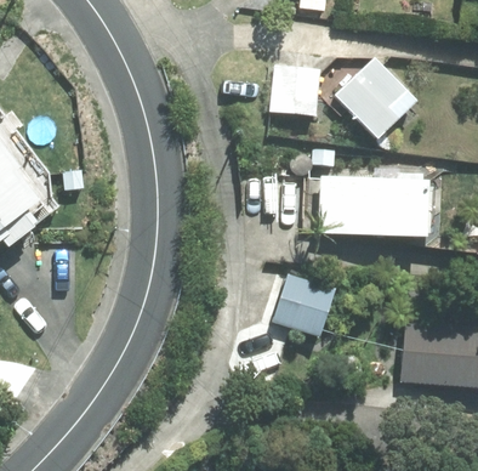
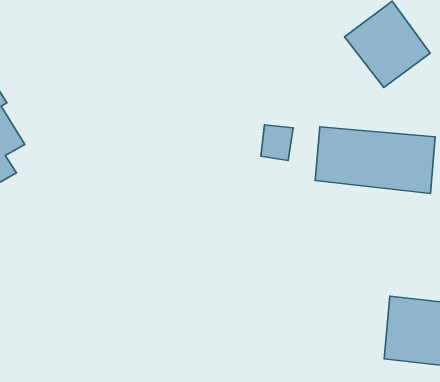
building: [266,64,315,113] -> none
building: [271,267,329,327] -> none

